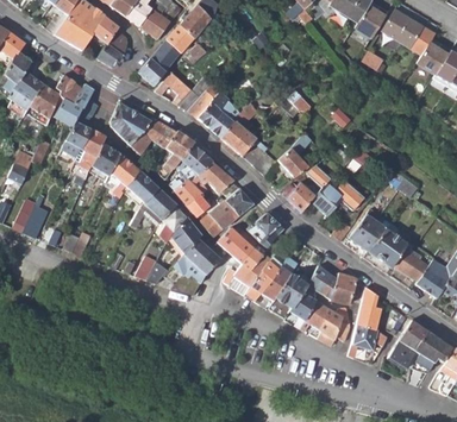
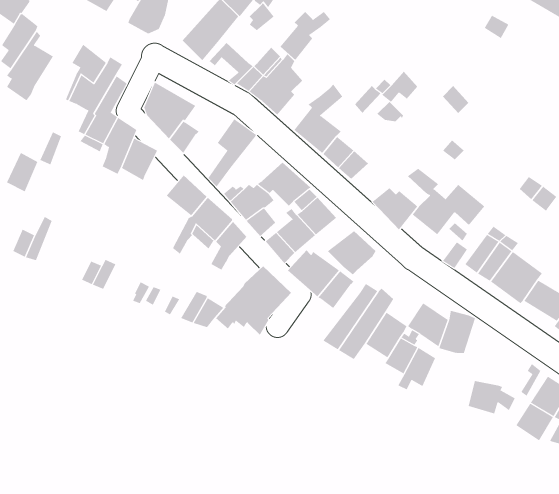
building: [26,83,60,126] -> none
building: [209,101,248,138] -> [280,11,331,61]
building: [140,116,176,147] -> none
building: [277,133,312,177] -> none
building: [175,144,213,176] -> none
building: [111,153,139,199] -> none
building: [171,218,202,252] -> none
building: [223,253,270,295] -> none
building: [356,296,381,328] -> none
building: [317,307,350,346] -> none

